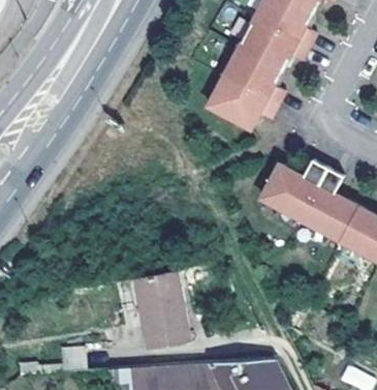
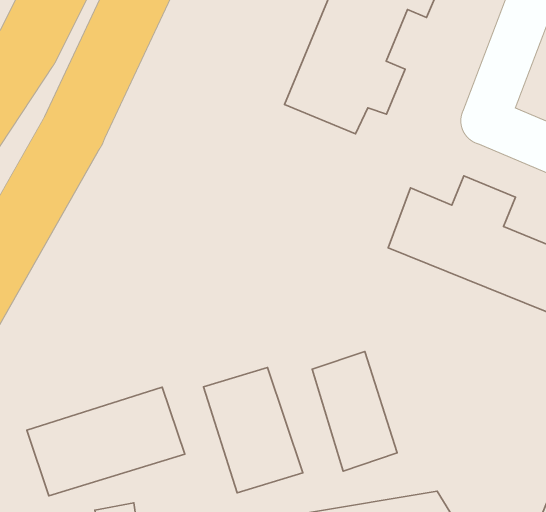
building: none -> [312,352,397,471]
building: none -> [27,387,185,496]

